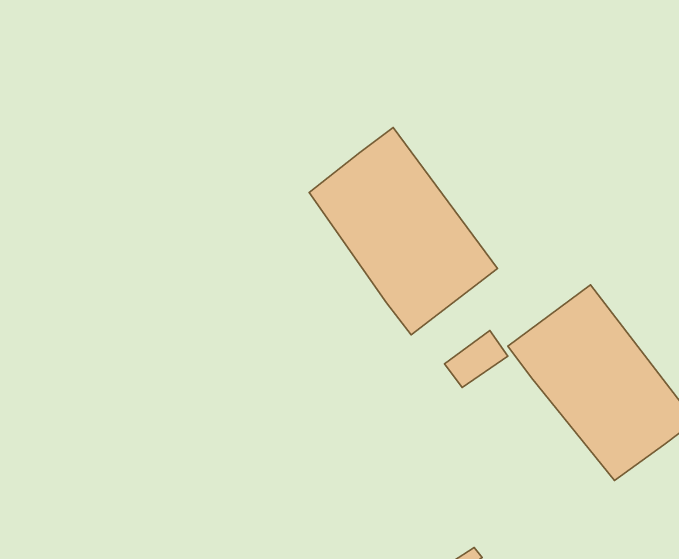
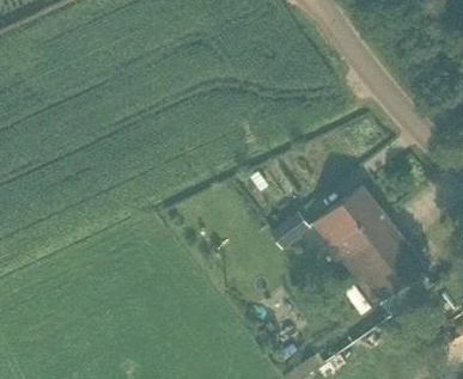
building: [309,127,498,335] -> none

